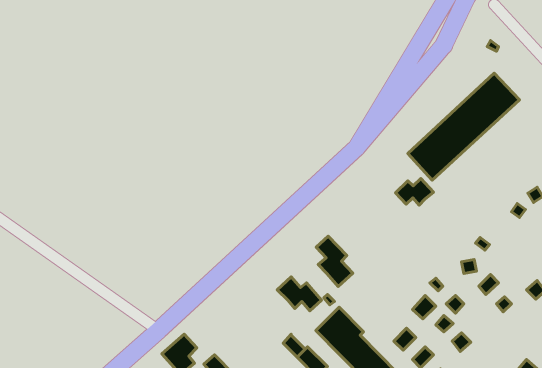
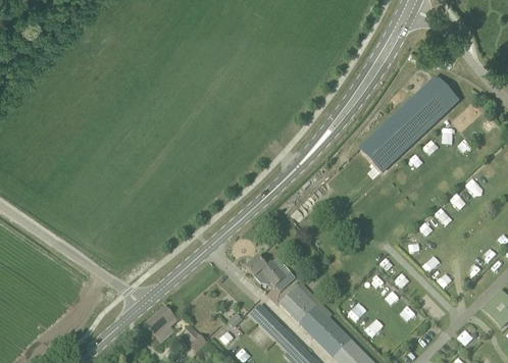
building: [396,178,433,205] -> none
building: [316,236,353,287] -> none

